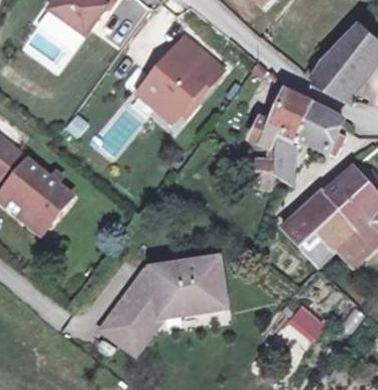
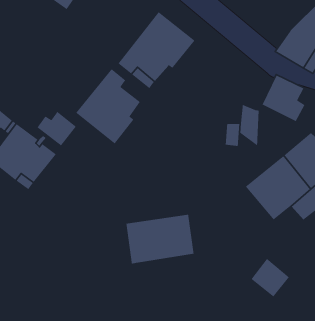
building: [249,90,311,148] -> none
building: none -> [75,68,141,144]
building: none -> [36,111,77,147]
building: [103,267,158,346] -> none

